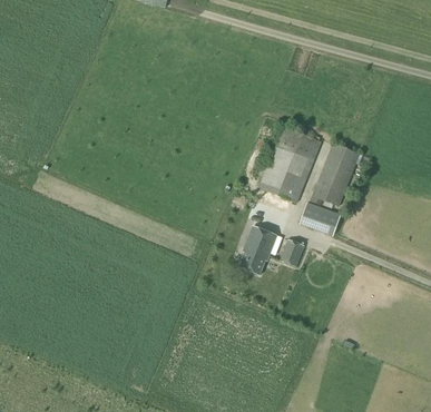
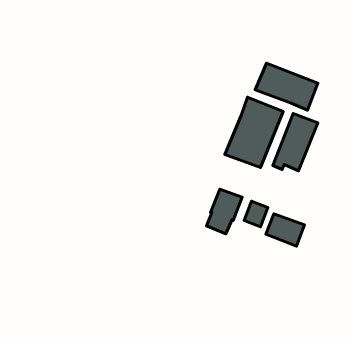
building: none -> [255,63,318,110]
building: [300,200,342,236] -> [266,214,305,246]

